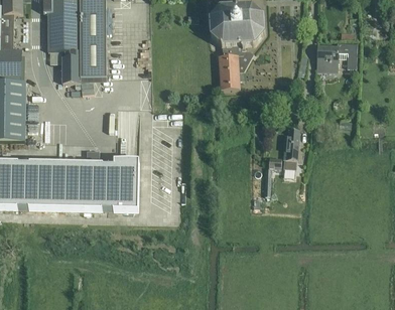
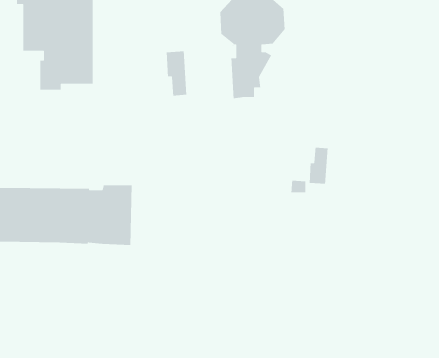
building: [316,42,357,69] -> none
building: none -> [166,51,187,96]

